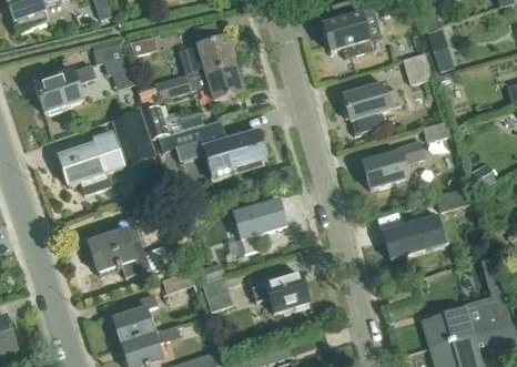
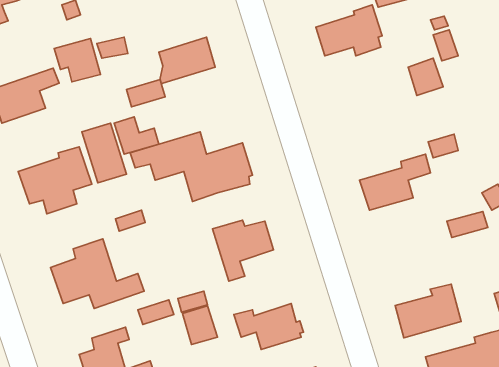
building: [186,60,242,99] -> none
building: [343,81,401,134] -> none
building: [383,210,442,257] -> [395,284,461,338]

